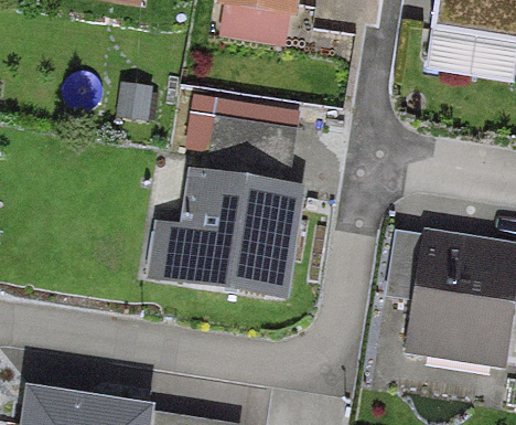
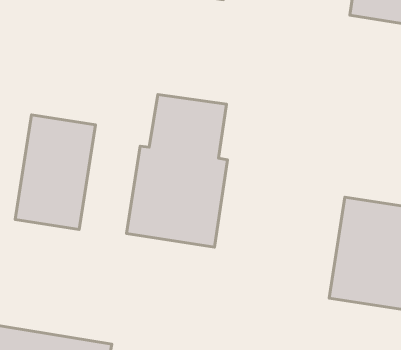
building: none -> [15,115,96,229]

